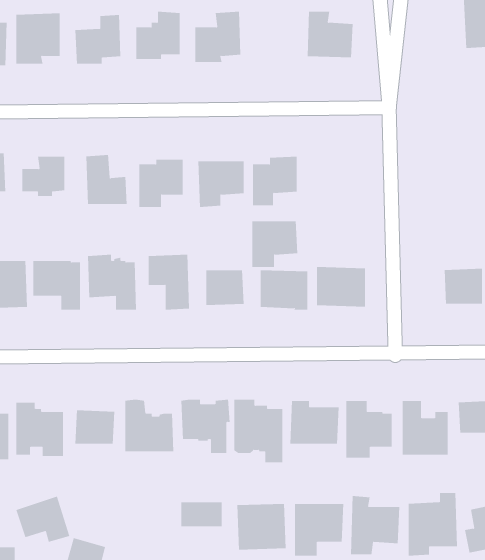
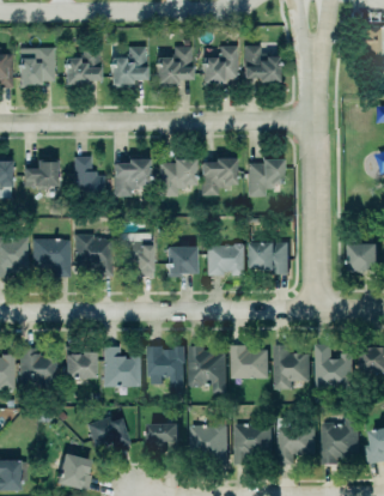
building: none -> [203,47,239,86]
building: [251,221,298,268] -> [249,162,285,198]
building: [16,496,70,542] -> [89,415,130,450]

